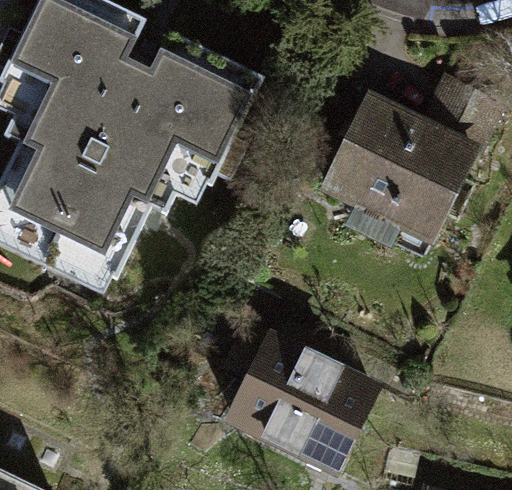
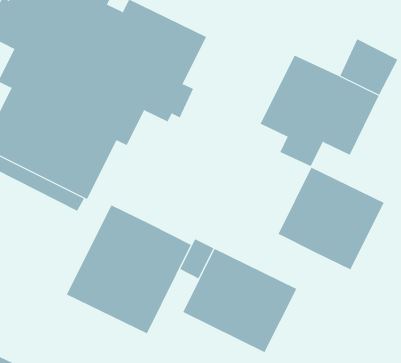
building: none -> [278,167,385,270]
building: none -> [66,205,192,334]

